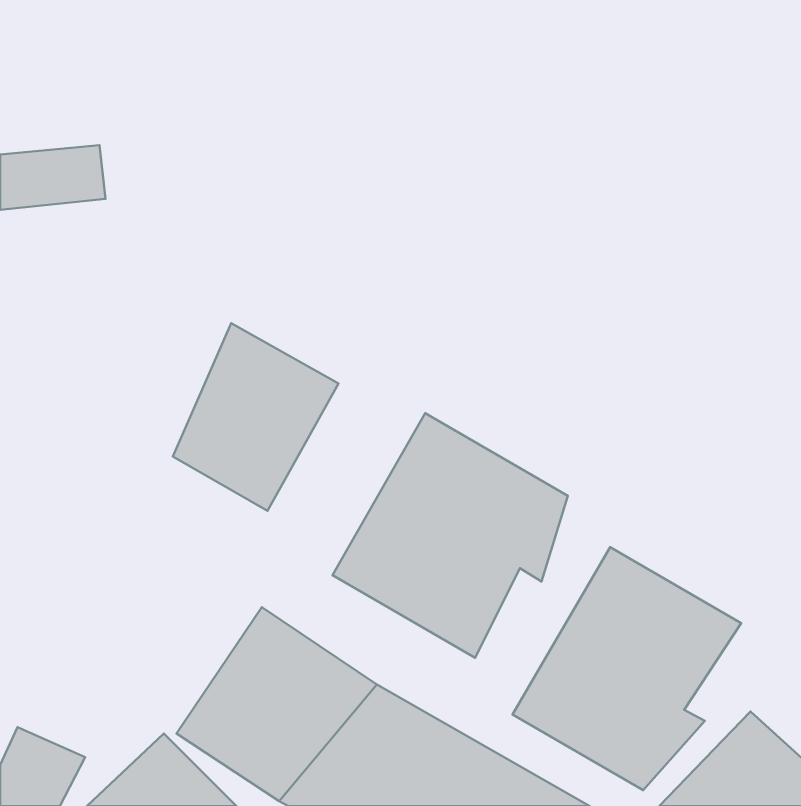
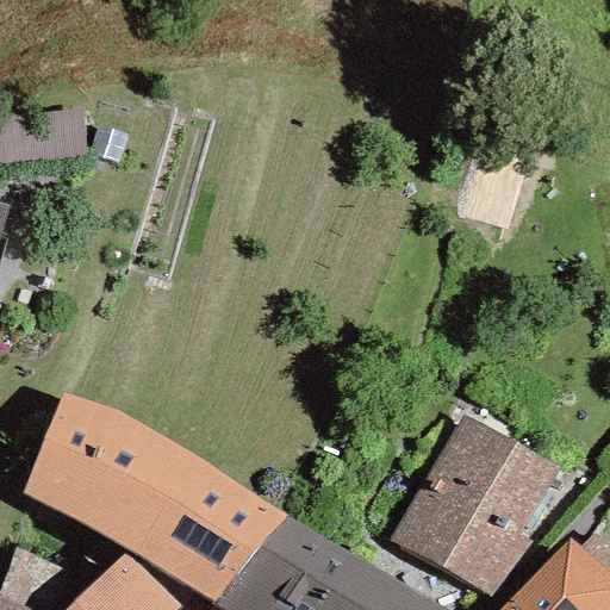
building: [173,323,338,511] -> none
building: [333,413,568,658] -> none
building: none -> [24,394,201,554]

